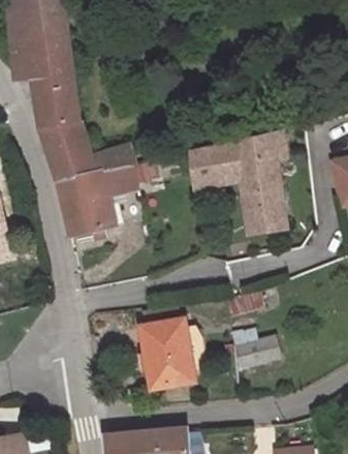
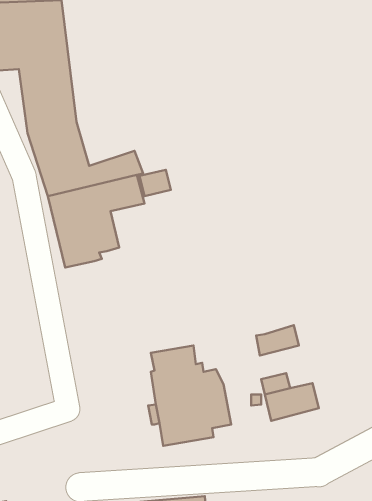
building: [189,130,285,235] -> none

